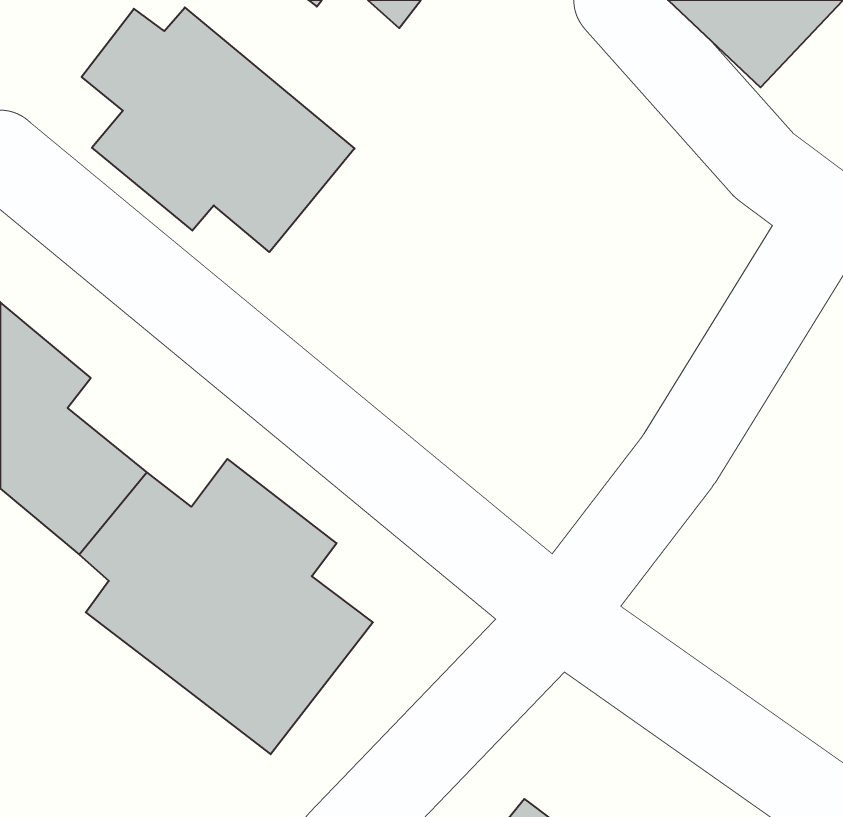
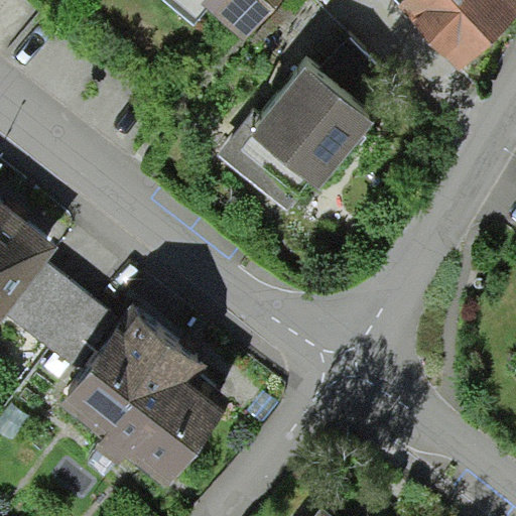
building: [82,7,355,252] -> none
building: none -> [223,54,374,212]

